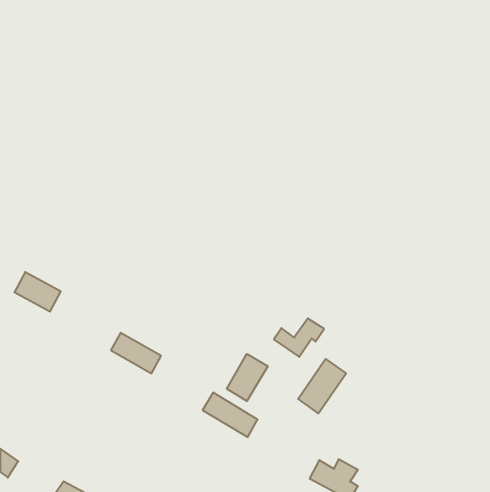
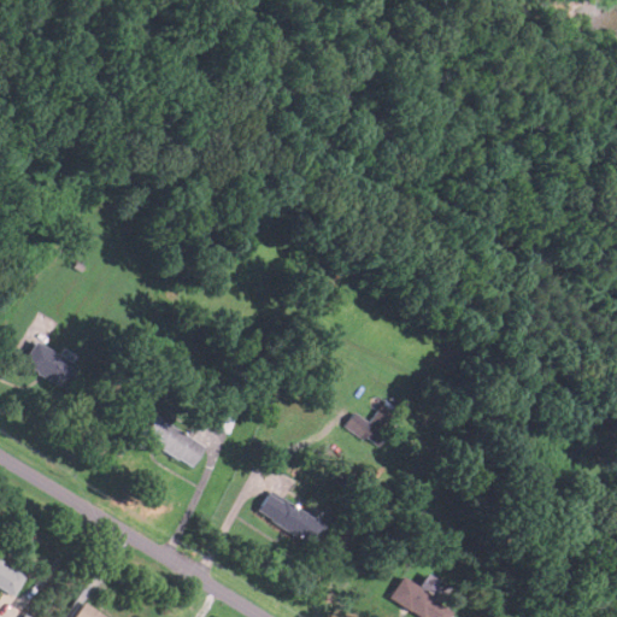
building: [227,354,268,401] -> none
building: [298,359,346,413] -> none

